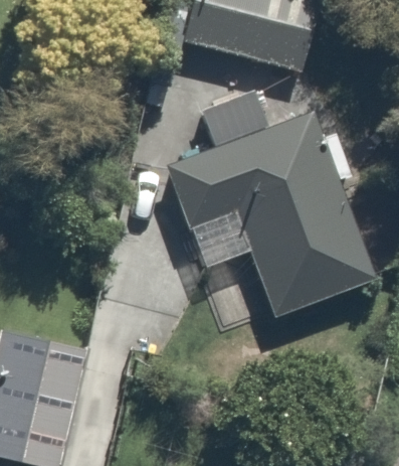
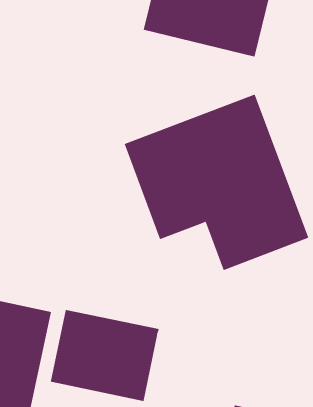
building: none -> [50,309,159,402]

